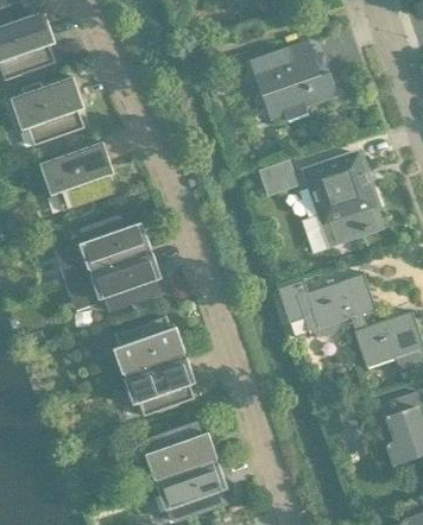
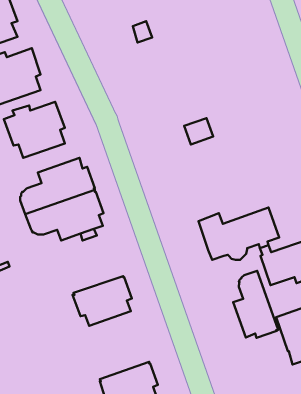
building: [248,40,336,122] -> none
building: [304,153,378,242] -> none
building: [112,316,184,377] -> none
building: none -> [233,271,278,338]
building: [144,422,216,482] -> none

